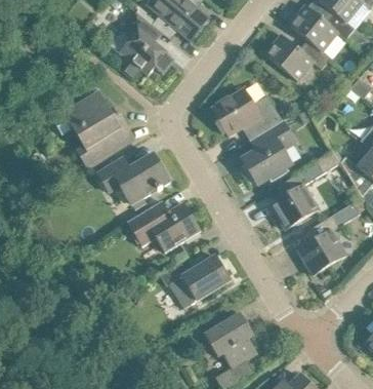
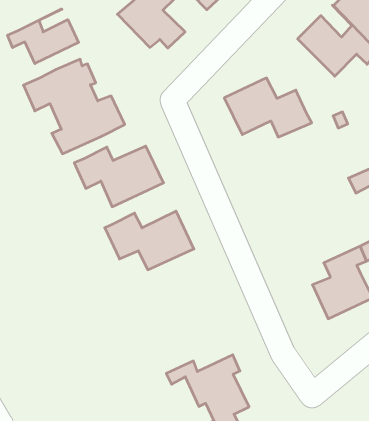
building: none -> [8,9,79,64]
building: [242,120,295,184] -> none
building: [270,169,319,229] -> none
building: [160,256,230,308] -> none

